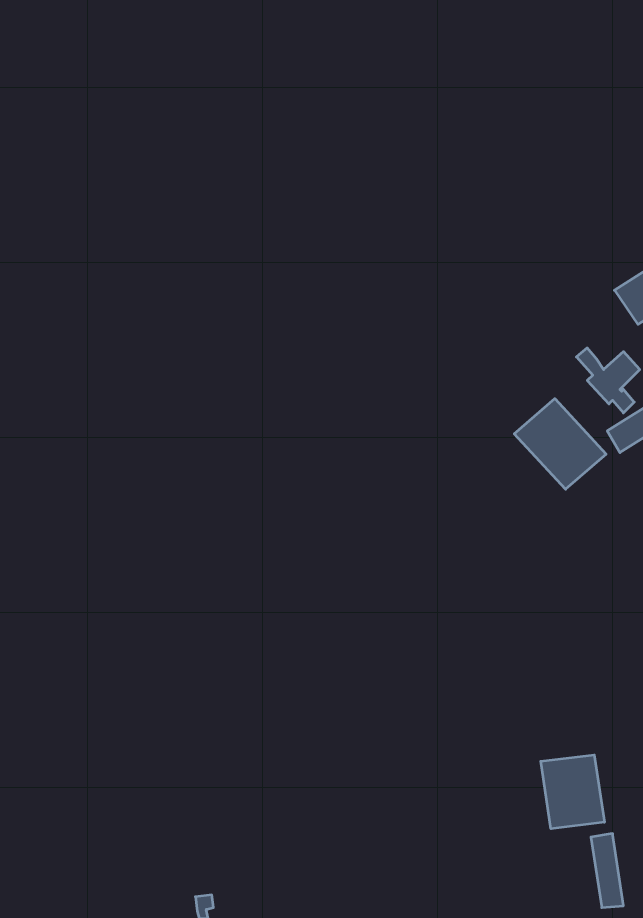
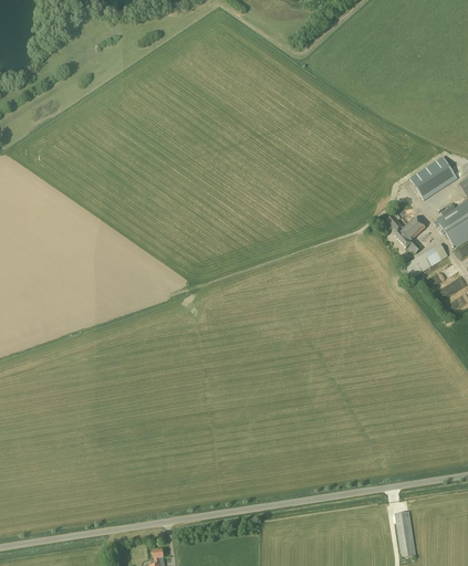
building: [514,399,606,489] -> none
building: [541,755,604,829] -> none

